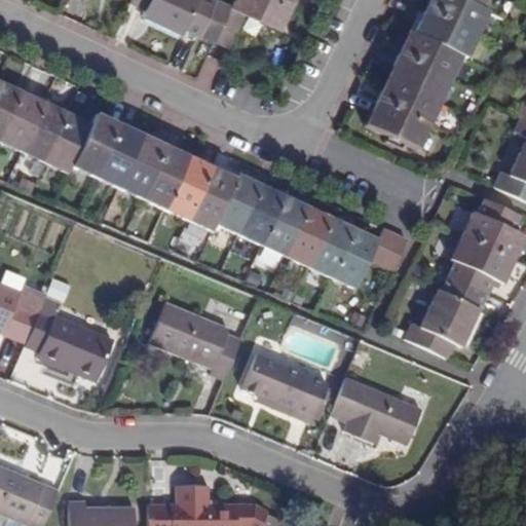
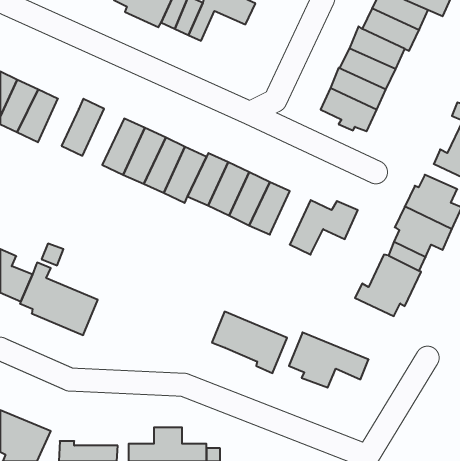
building: [46,112,92,173] -> none
building: [97,123,144,187] -> none
building: [309,217,355,277] -> none
building: [150,301,243,379] -> none

